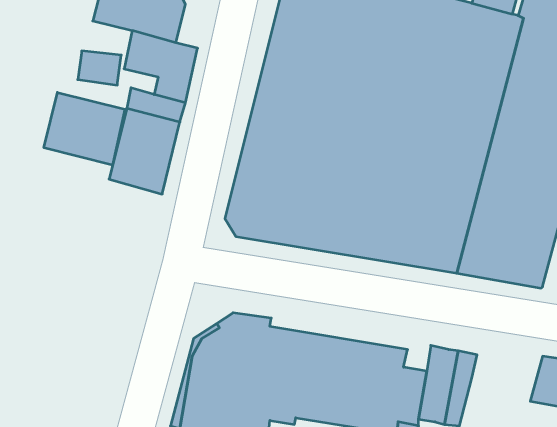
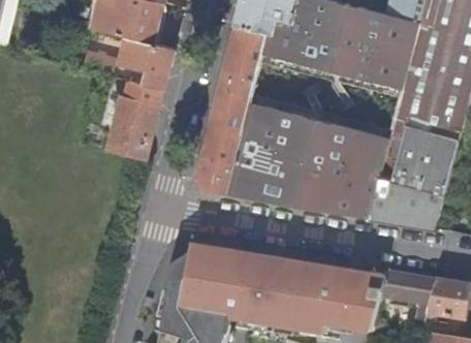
building: [44,92,125,165] -> none
building: none -> [381,271,435,325]

